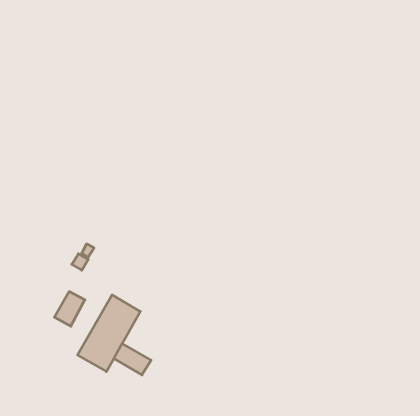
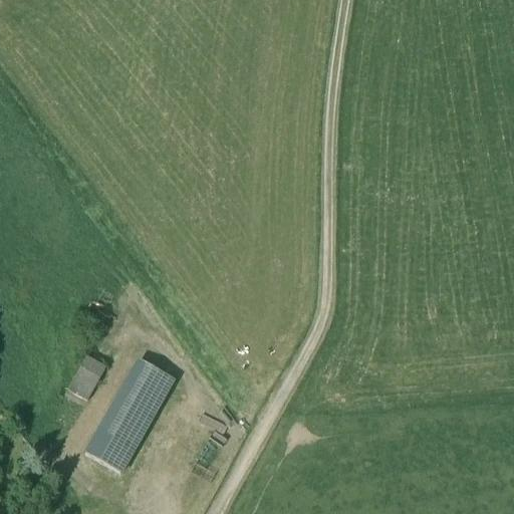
building: [114,344,151,375] -> [86,433,132,471]

